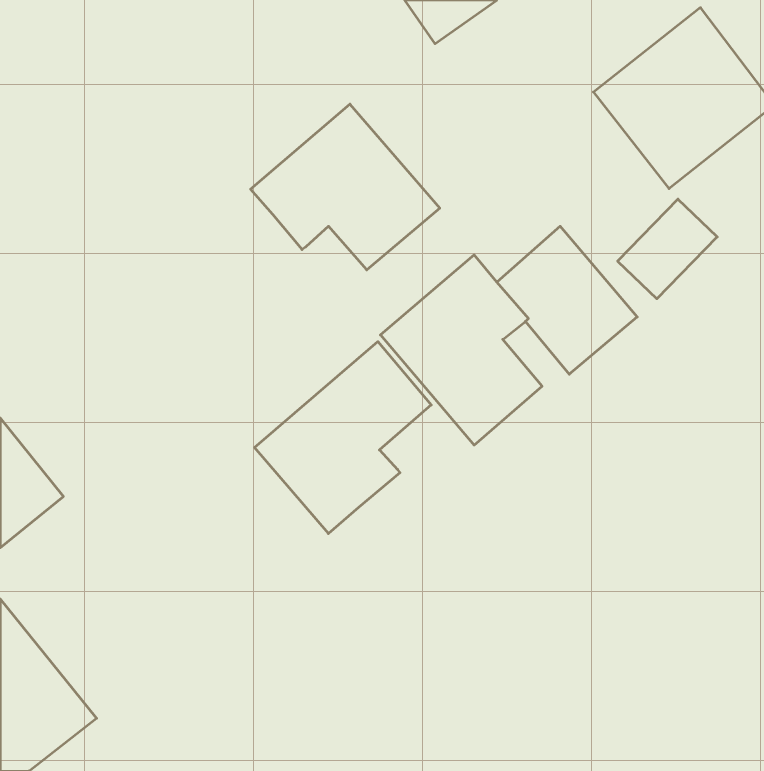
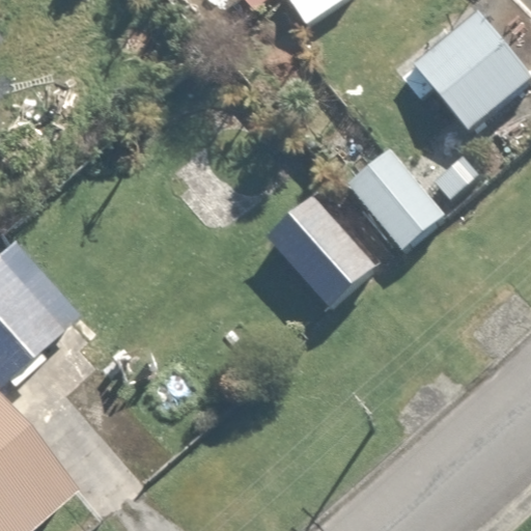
building: [251,104,440,270] -> none
building: [255,342,431,534] -> none

